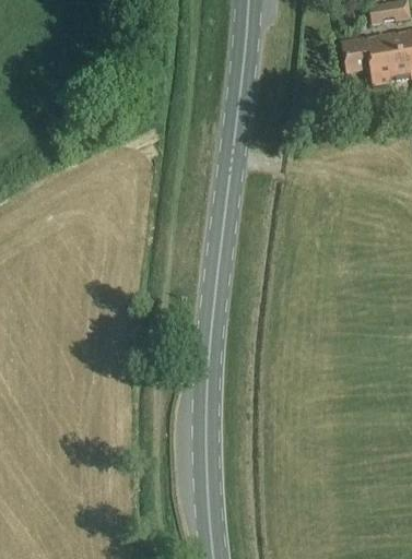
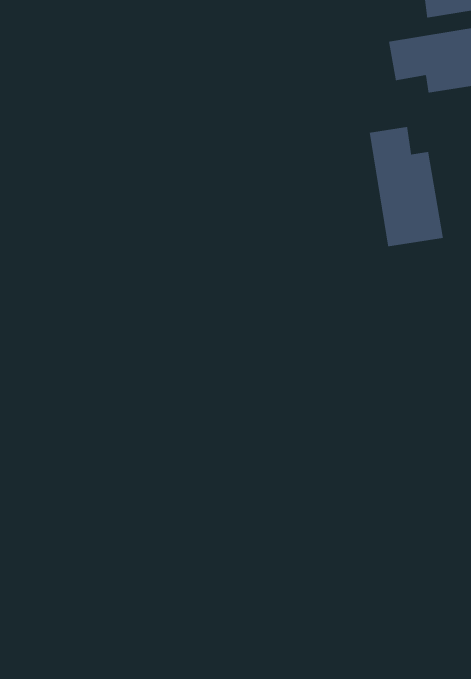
building: none -> [369,126,443,247]

